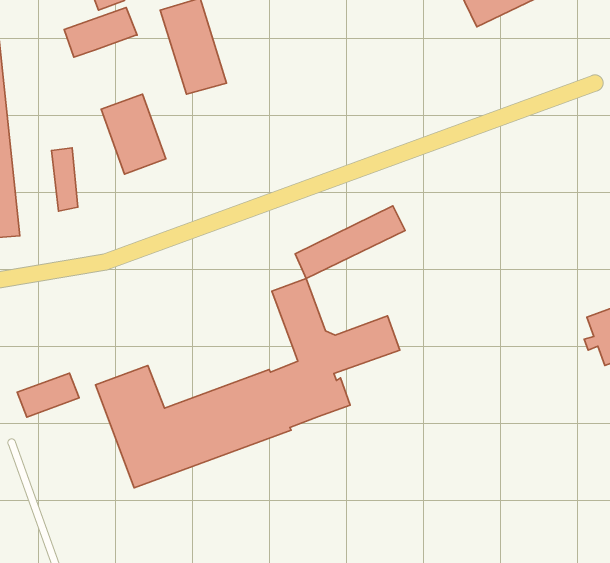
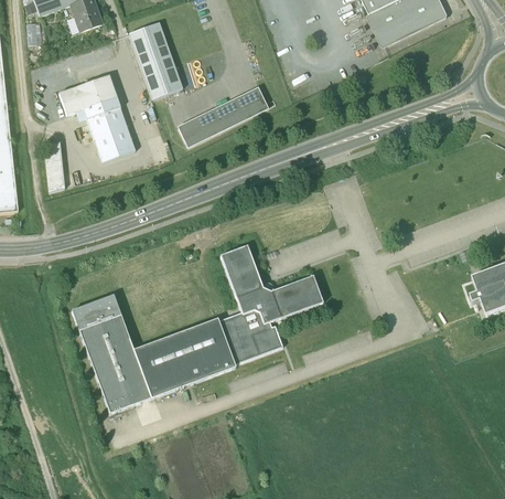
building: [64,7,137,57] -> [58,75,117,115]
building: [295,206,405,279] -> [179,87,267,146]
building: [17,373,79,417] -> [71,295,120,330]

